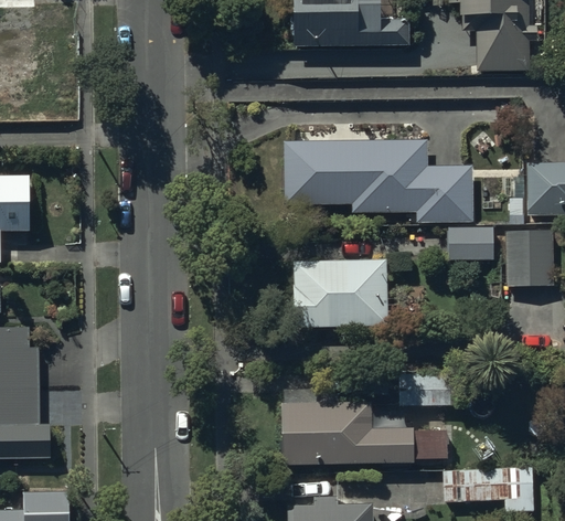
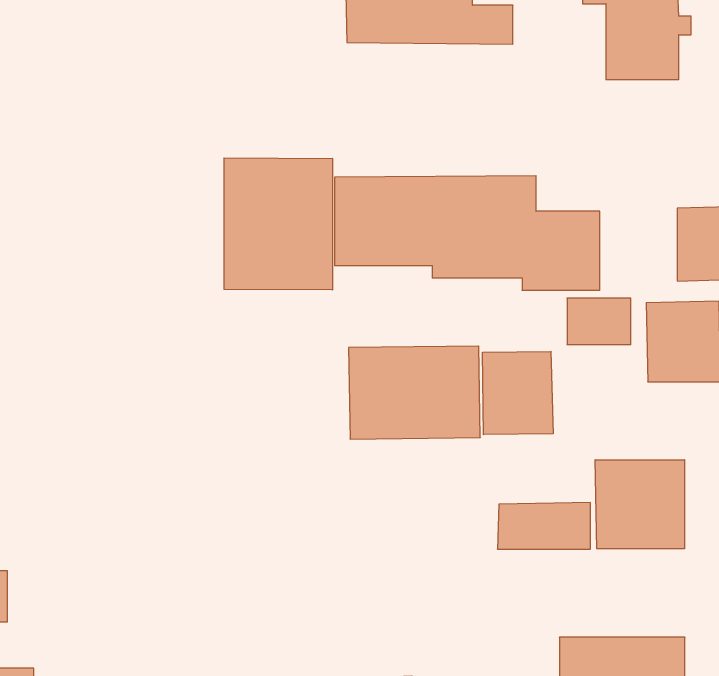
building: none -> [224,158,332,290]
building: none -> [483,351,553,435]
building: none -> [595,460,685,549]
building: [281,387,446,464] -> none

